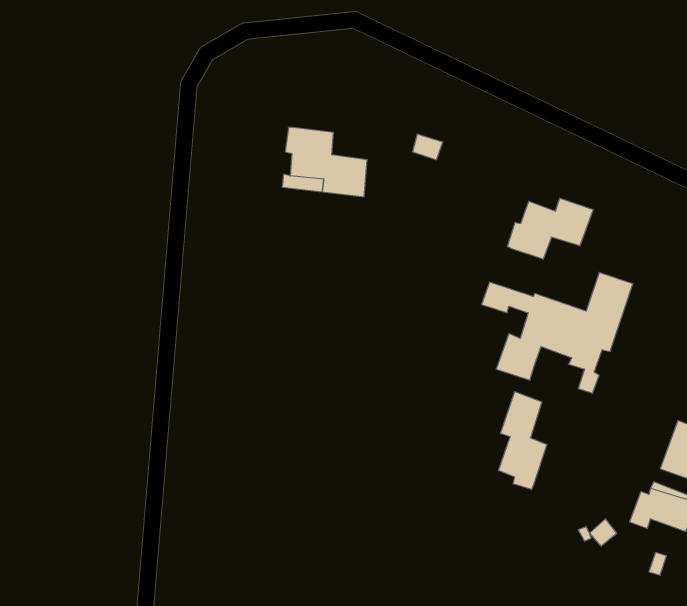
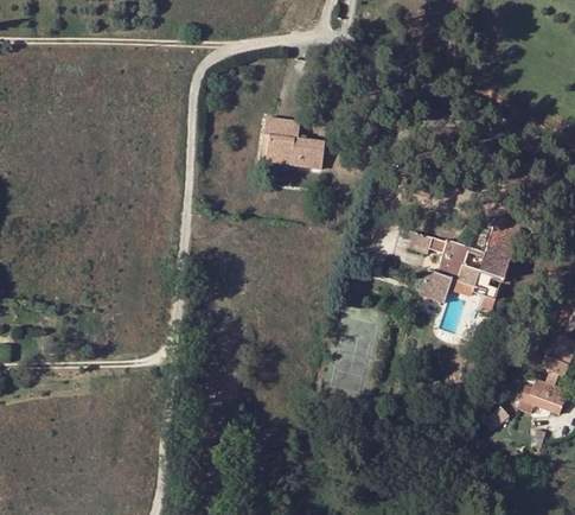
building: [507,198,593,259] -> none
building: [498,392,547,490] -> none

